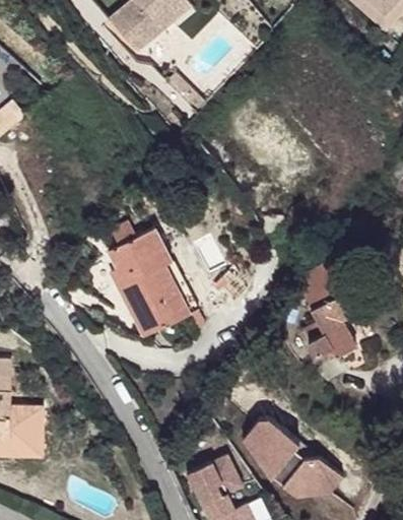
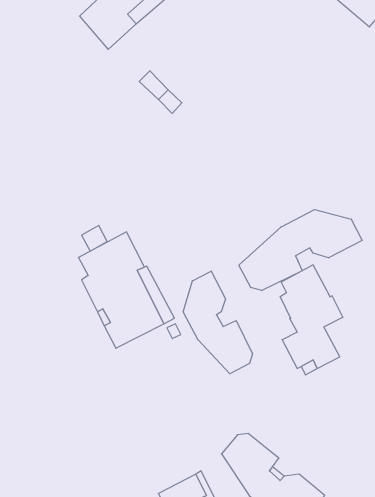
building: none -> [239,210,362,291]
building: none -> [183,271,252,374]

